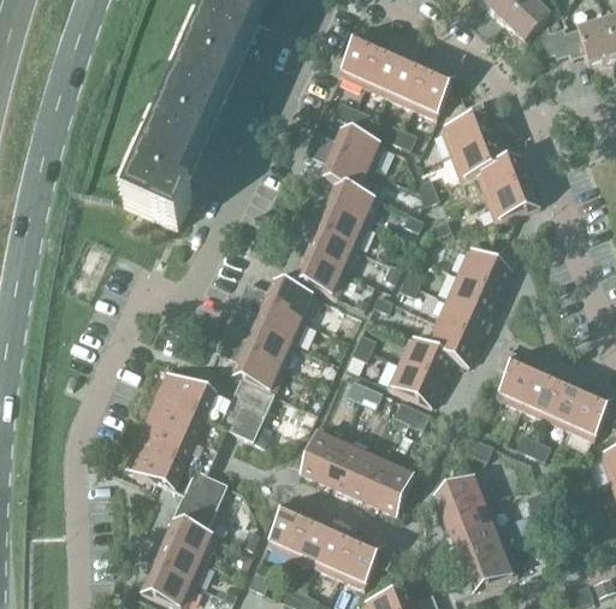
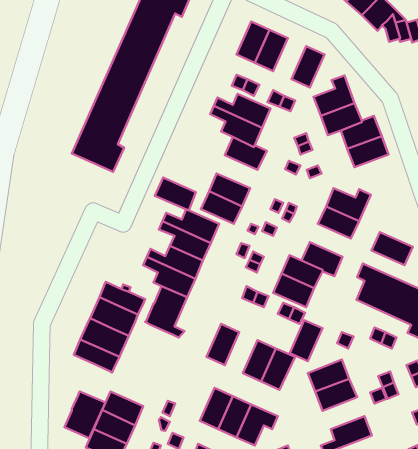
building: [387,52,431,106] -> none
building: [313,206,367,249] -> [155,177,196,210]
building: [436,296,490,339] -> [372,232,413,265]
building: [324,438,367,492] -> [290,320,323,361]
building: [173,469,227,531] -> [64,391,106,438]
building: [267,501,310,555] -> none
building: [452,524,508,566] -> none

